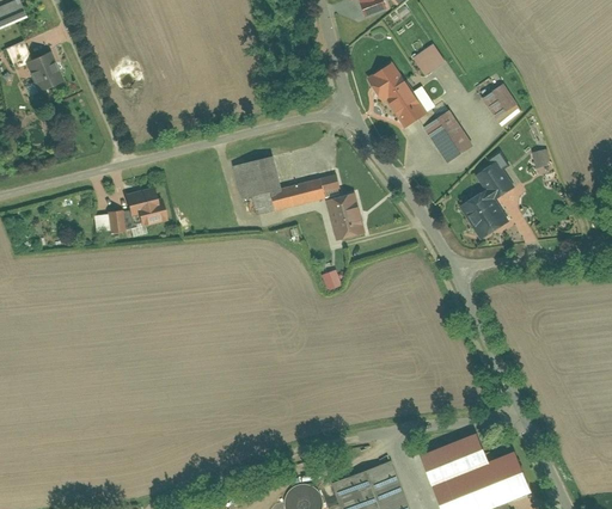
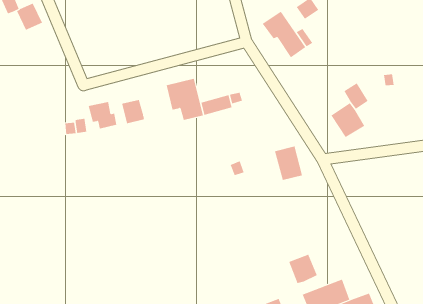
building: [482,84,522,125] -> none
building: [423,110,472,160] -> none
building: none -> [121,99,145,124]
building: [326,192,366,240] -> [274,146,303,181]
building: none -> [289,254,318,284]

